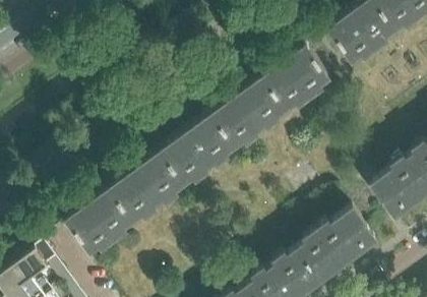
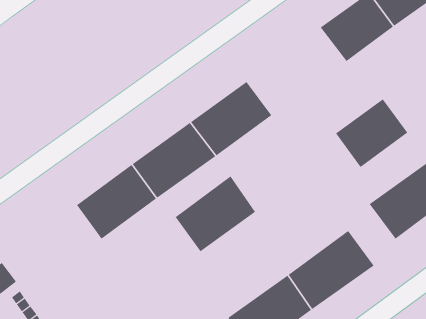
building: [263,46,328,108] -> [335,98,408,168]
building: none -> [175,176,256,252]
building: [67,188,133,251] -> none

